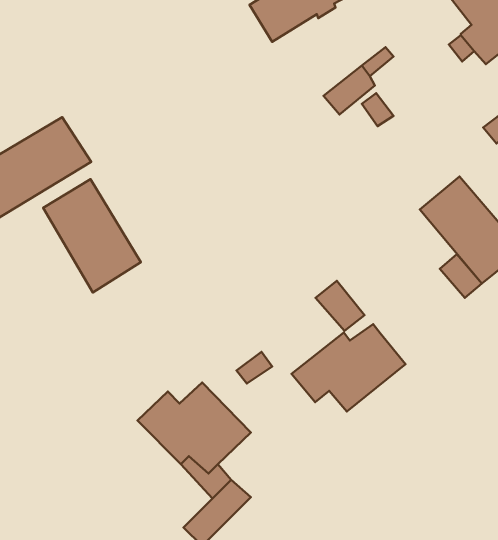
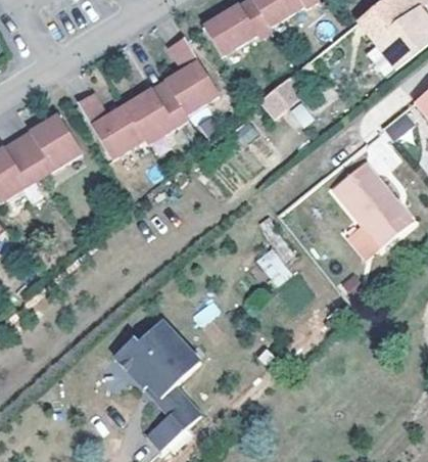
building: none -> [76,40,218,158]
building: [43,179,141,292] -> none
building: [292,324,405,412] -> none

